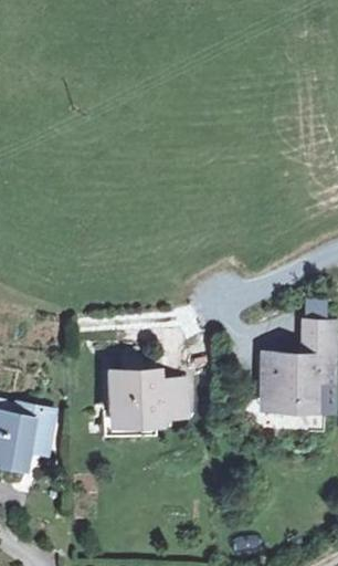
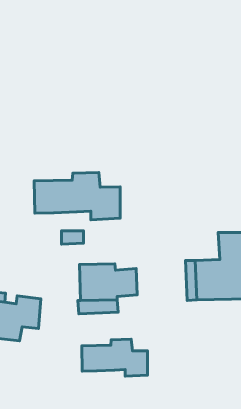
building: none -> [34,172,120,220]
building: none -> [82,339,148,376]

